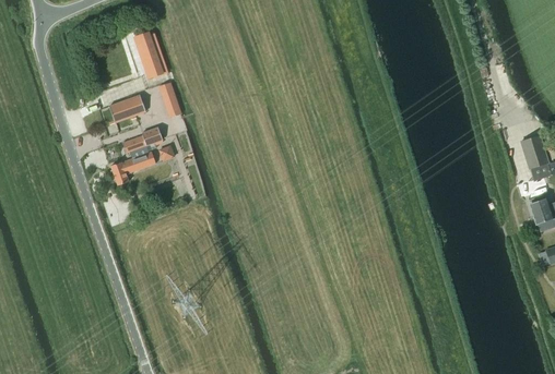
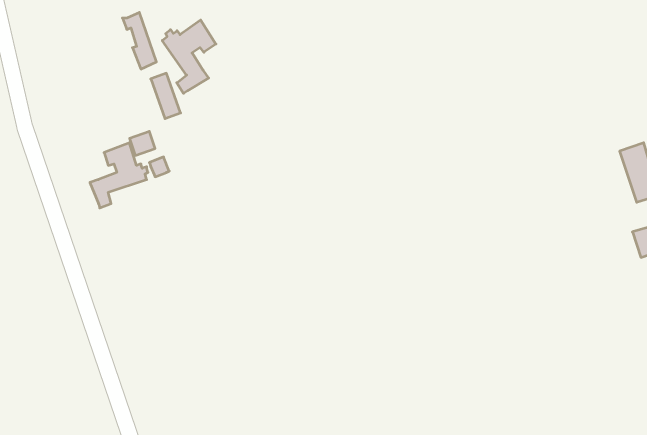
building: none -> [162,20,216,93]
building: [108,95,145,122] -> none

